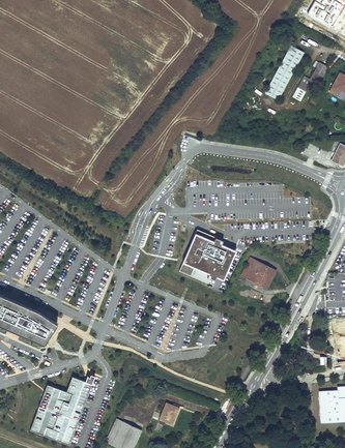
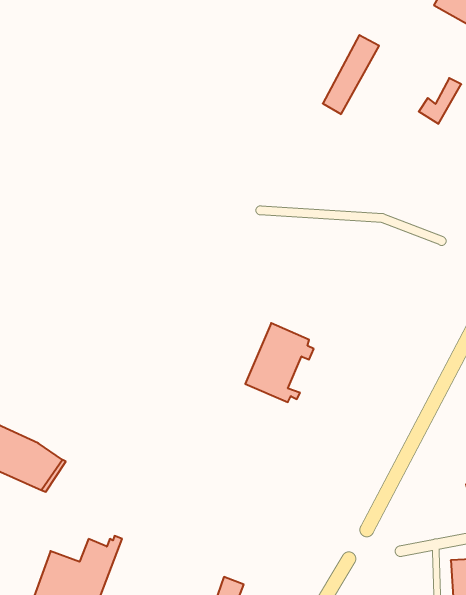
building: [265,46,304,99] -> [323,35,379,114]
building: [208,246,236,279] -> none
building: [240,258,277,289] -> none

